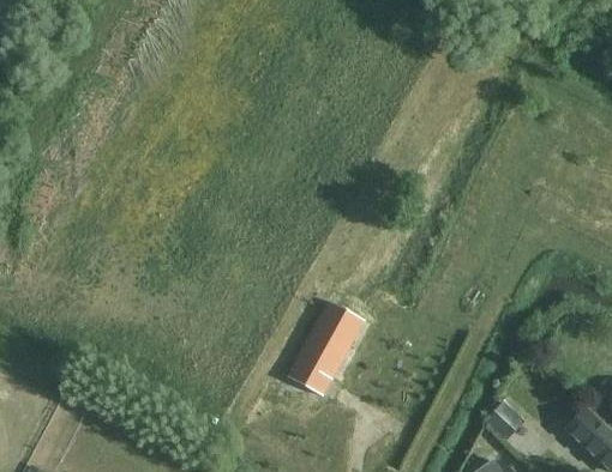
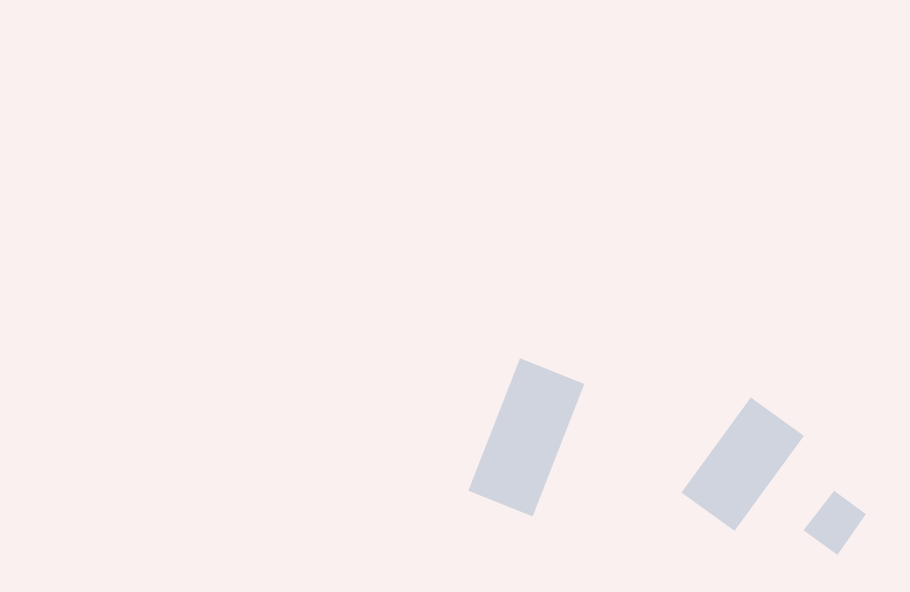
building: none -> [681,396,805,532]

